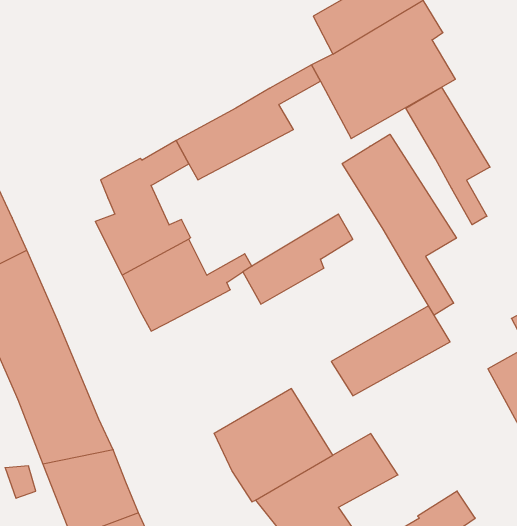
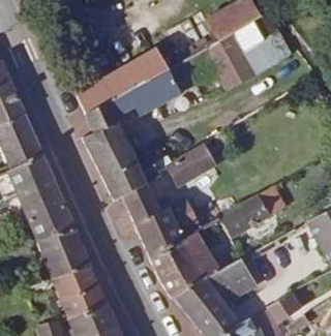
building: none -> [76,40,208,115]
building: [406,87,490,225] -> none
building: [342,134,456,315] -> none
building: none -> [122,185,202,261]

